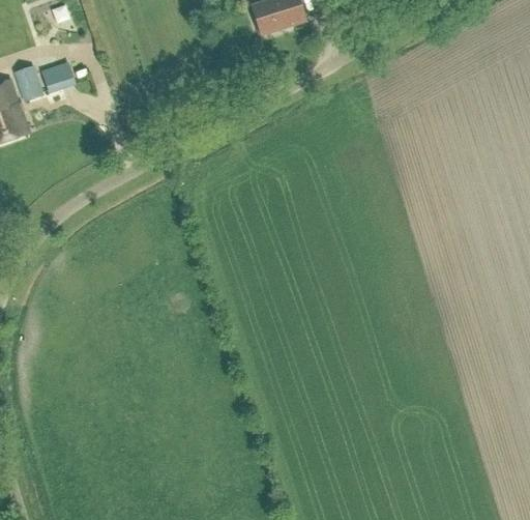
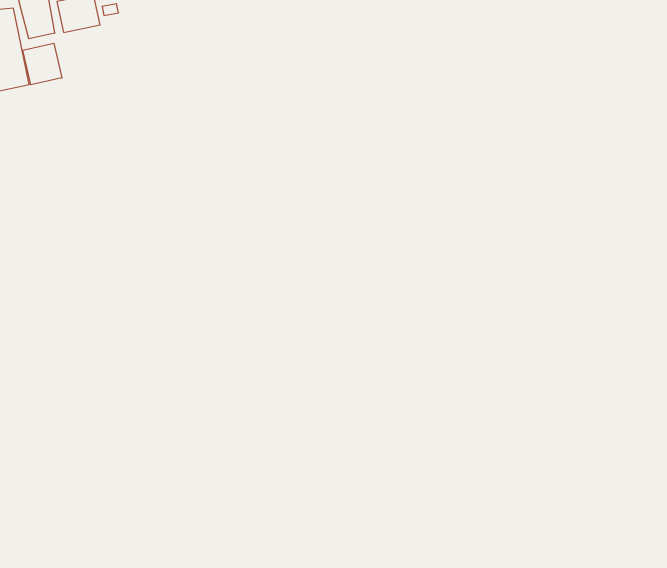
building: none -> [23,43,62,85]

